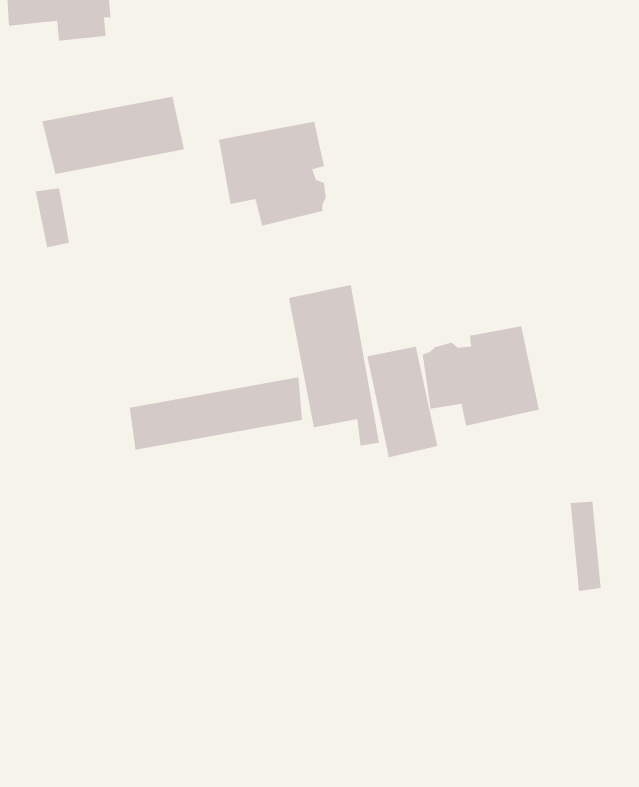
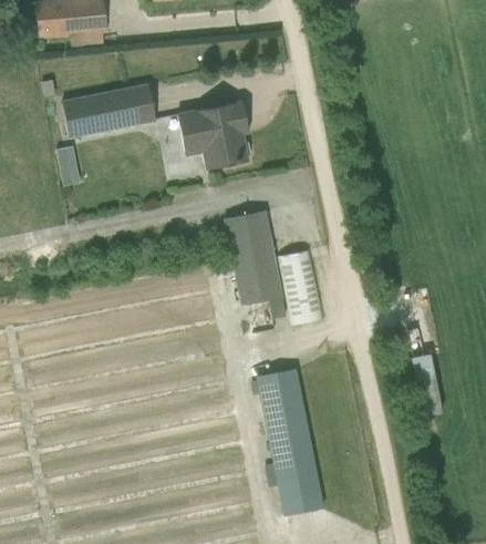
building: [422,325,540,426] -> none
building: [129,377,303,450] -> none
building: none -> [252,370,322,513]

